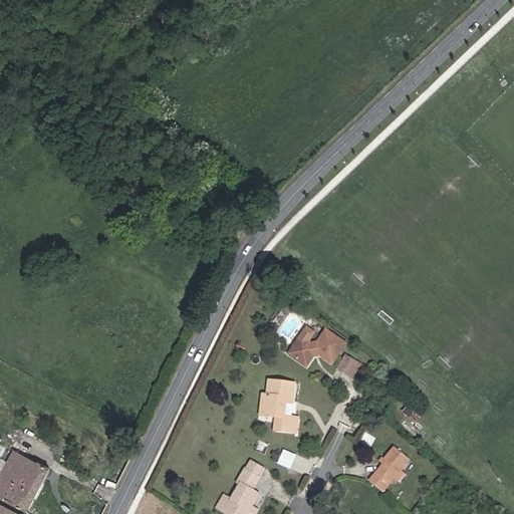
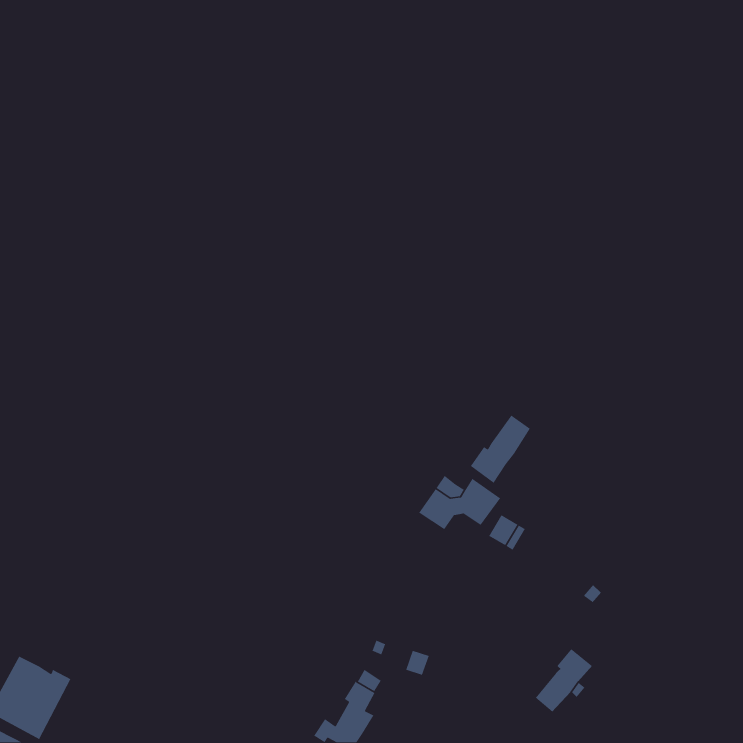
building: none -> [470,415,531,484]
building: [260,380,296,431] -> none

